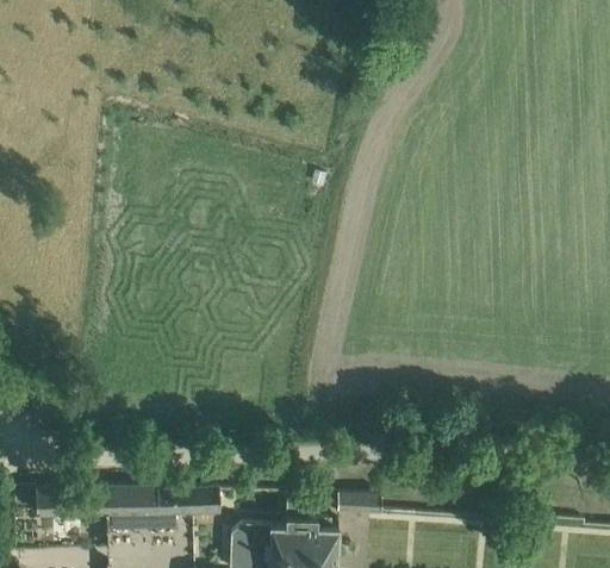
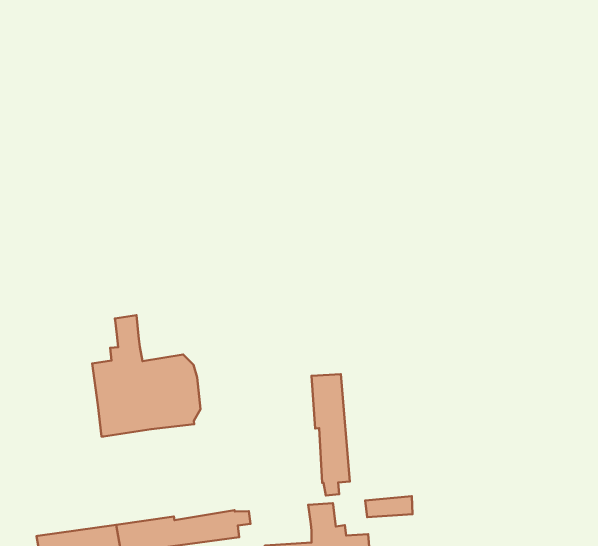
building: none -> [92,315,201,437]
building: none -> [311,374,350,495]

